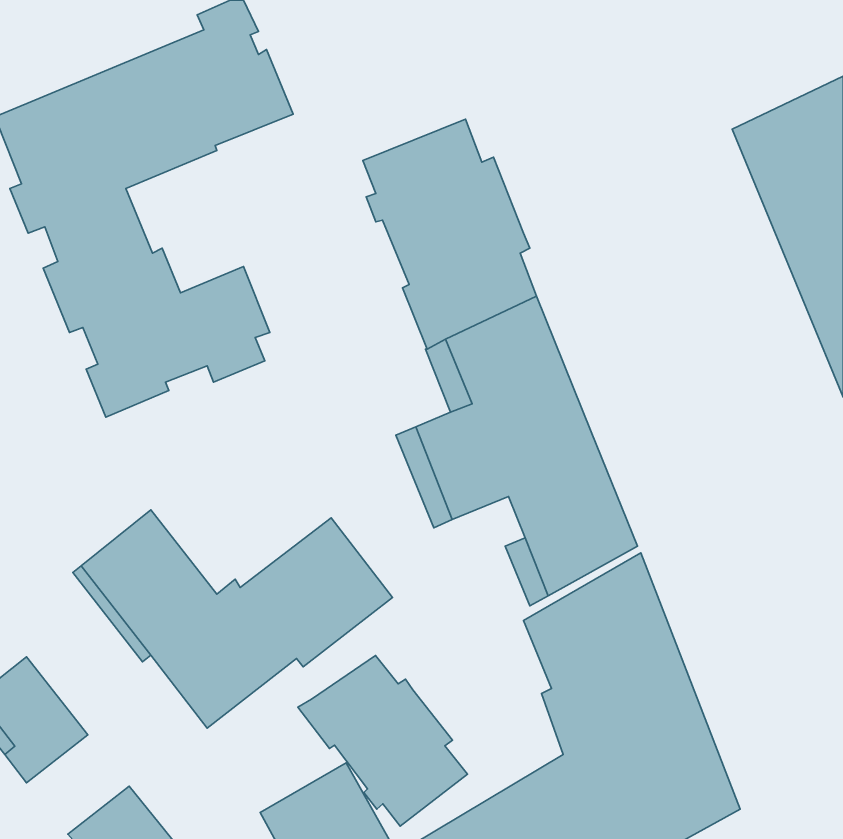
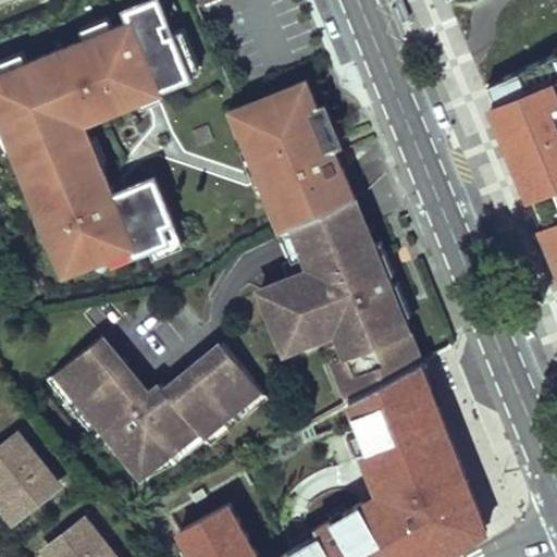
building: [298,656,467,826] -> none

